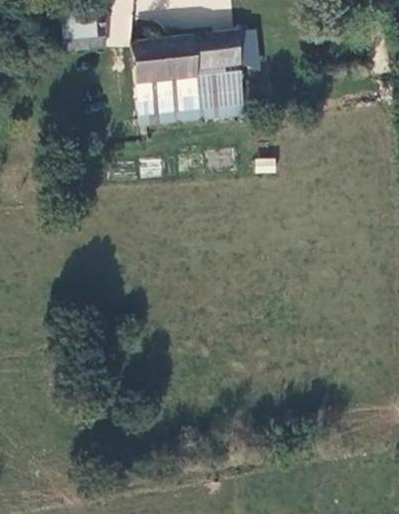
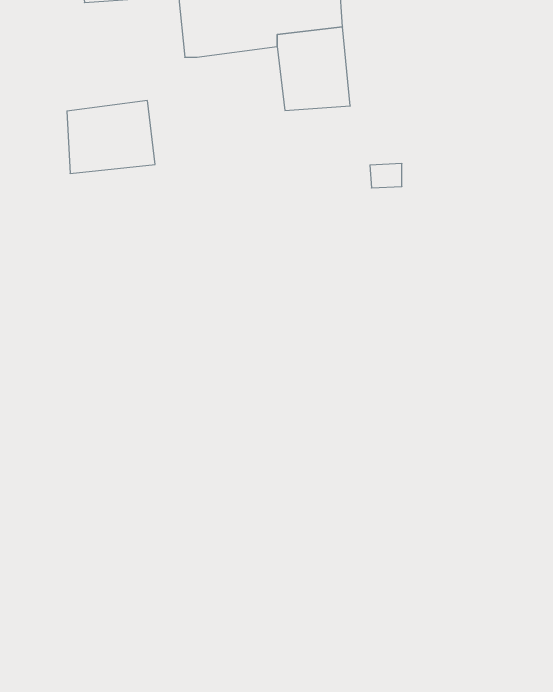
building: [146,74,204,122] -> [67,101,155,173]

